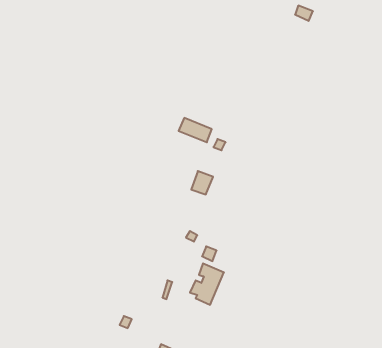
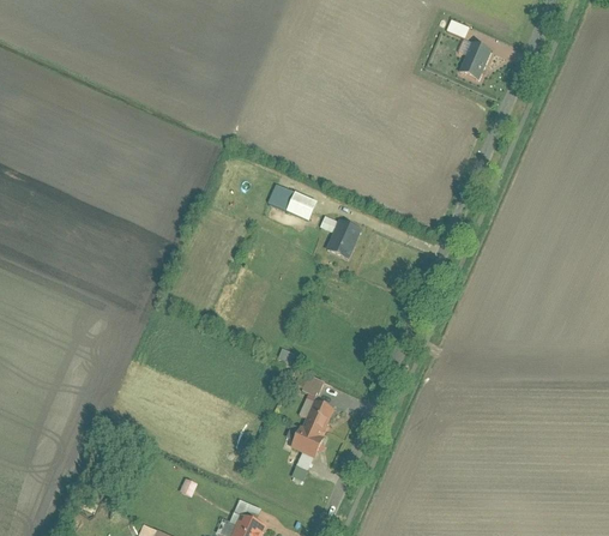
building: none -> [457,40,487,82]
building: [191,171,213,194] -> [328,222,361,257]

